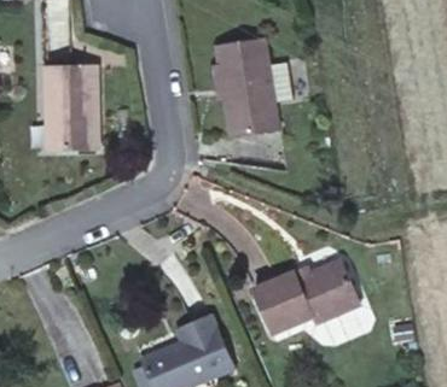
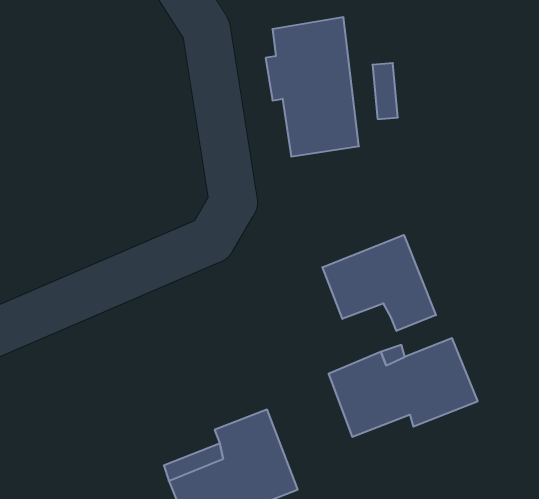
building: [45,63,99,151] -> none
building: none -> [322,235,436,331]

